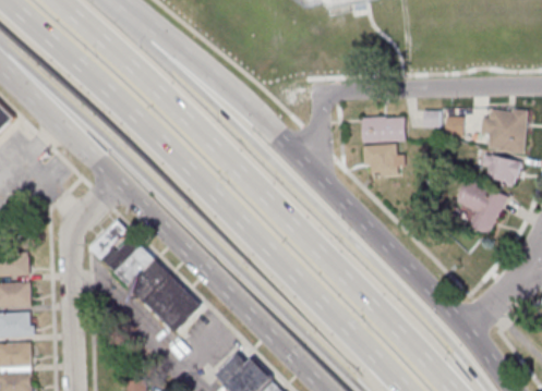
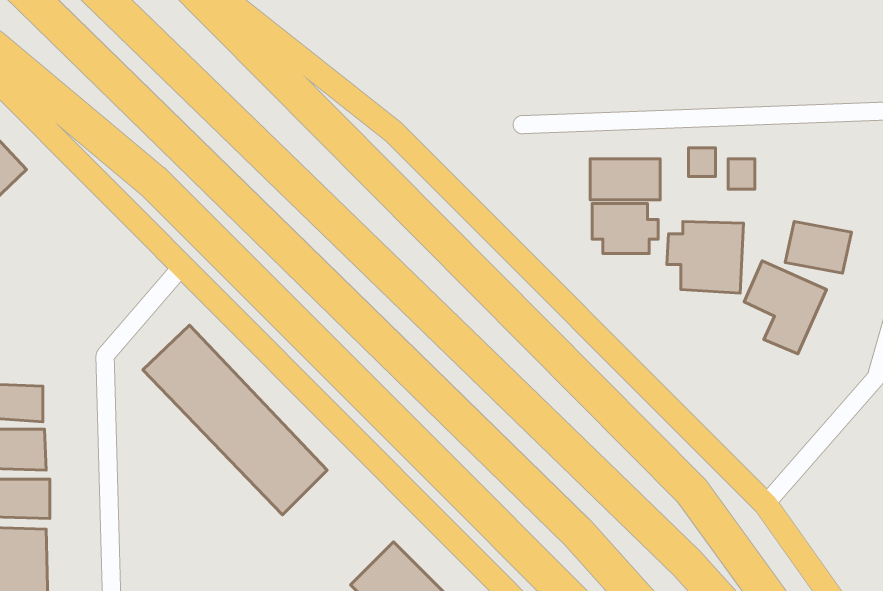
building: [480,109,527,152] -> [667,221,744,293]

